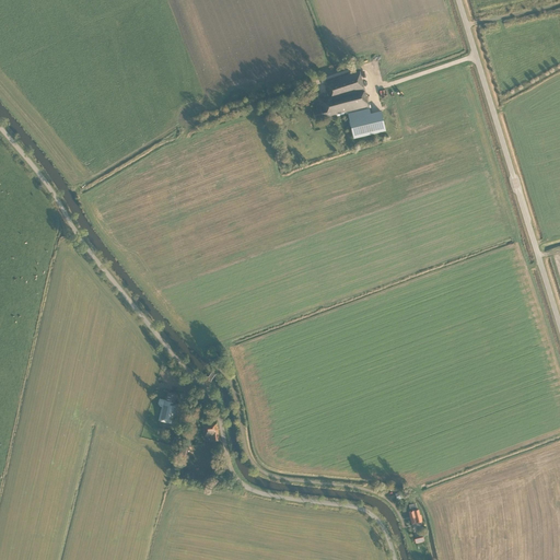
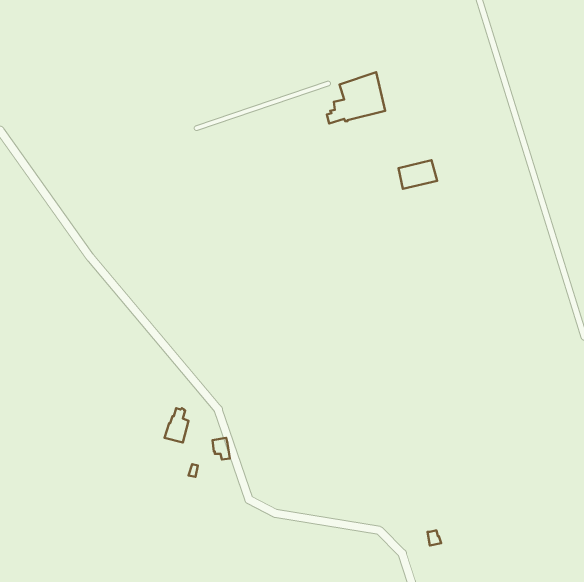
building: [349,110,386,138] -> [398,160,437,189]

